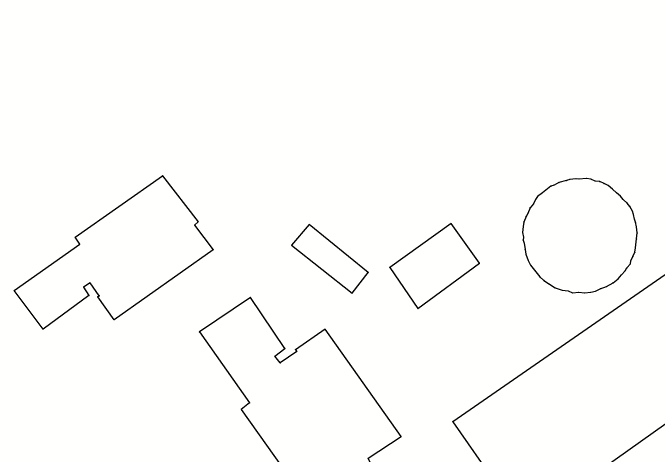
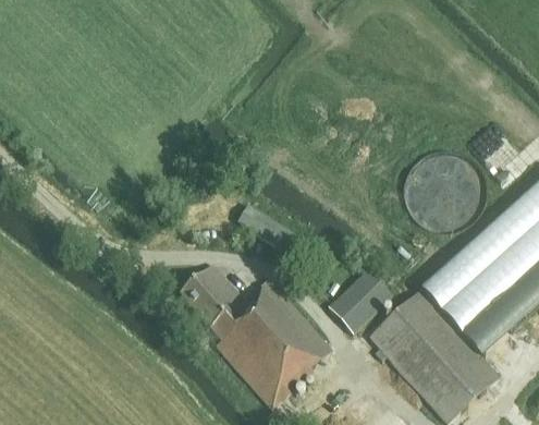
building: [14,176,213,329] -> none
building: [390,224,479,309] -> [327,269,391,333]

